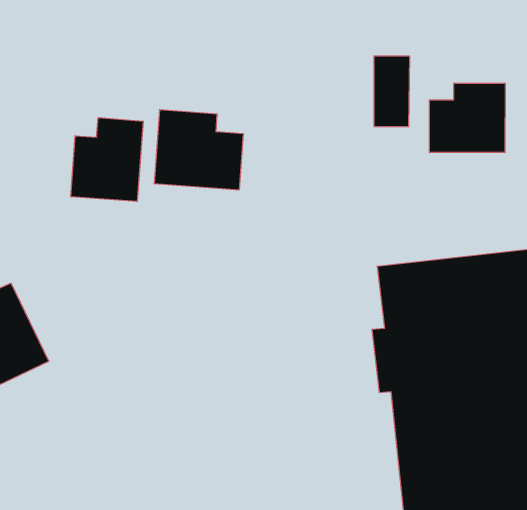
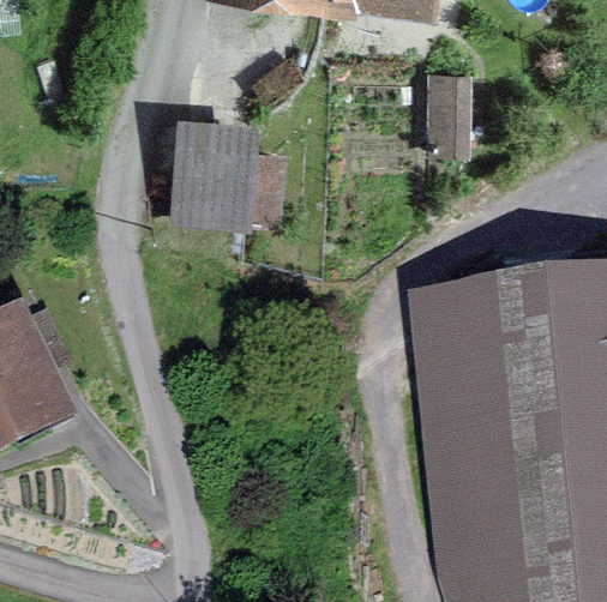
building: [429,83,505,153] -> none
building: [71,118,143,202] -> none

